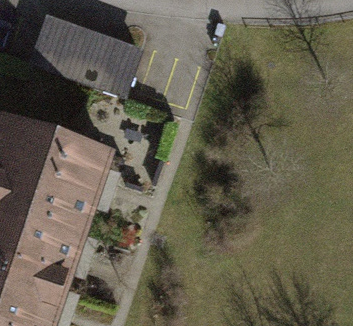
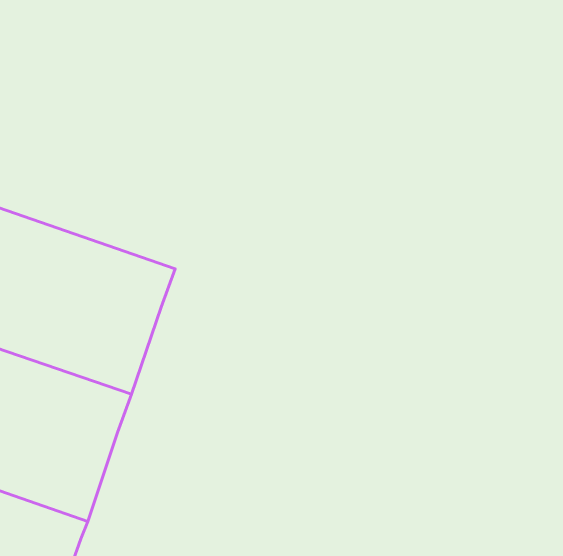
building: [28,15,142,100] -> none

